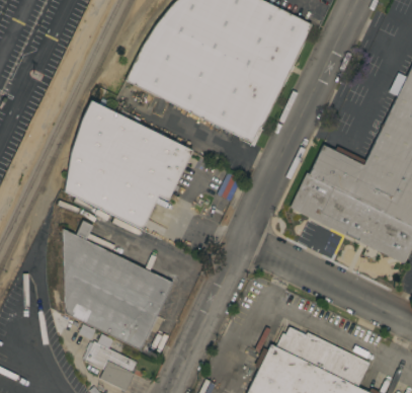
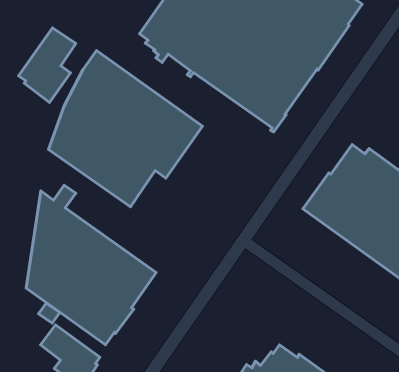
building: none -> [19,28,76,102]

